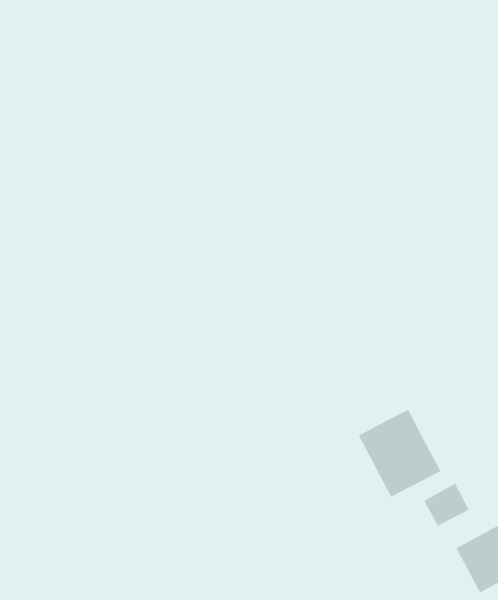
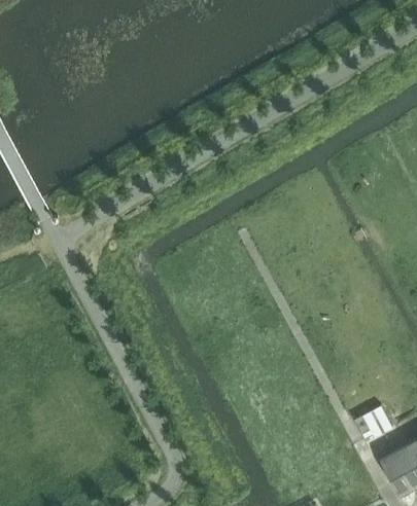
building: [358,409,441,498] -> none

